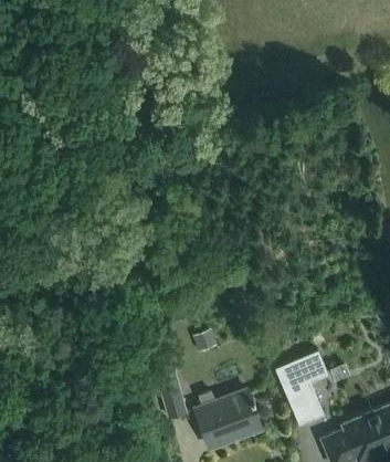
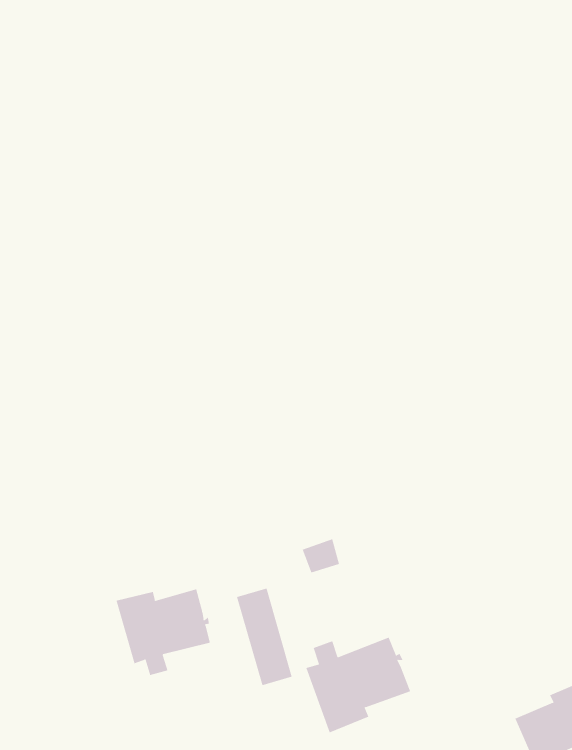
building: [275,350,328,426] -> none
building: none -> [116,579,210,676]

